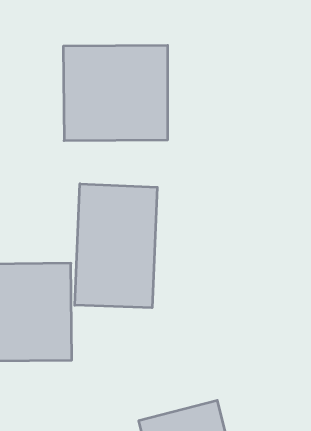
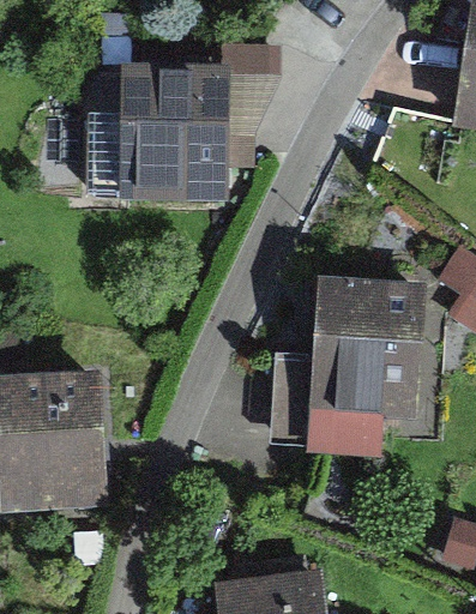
building: [75,184,157,308] -> none
building: none -> [294,285,434,428]

